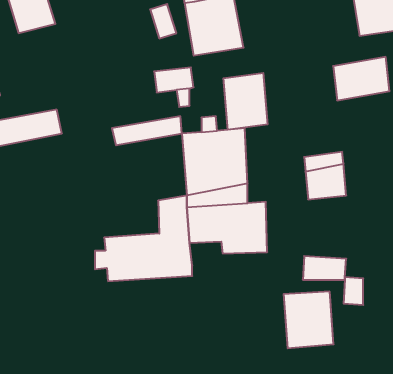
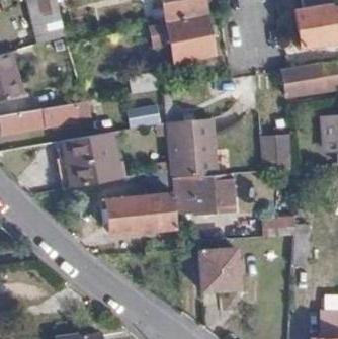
building: [223,73,268,130] -> none
building: none -> [63,131,119,186]
building: [284,292,334,348] -> [199,248,238,291]

